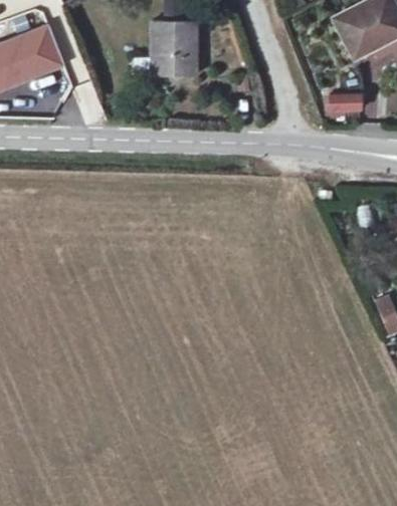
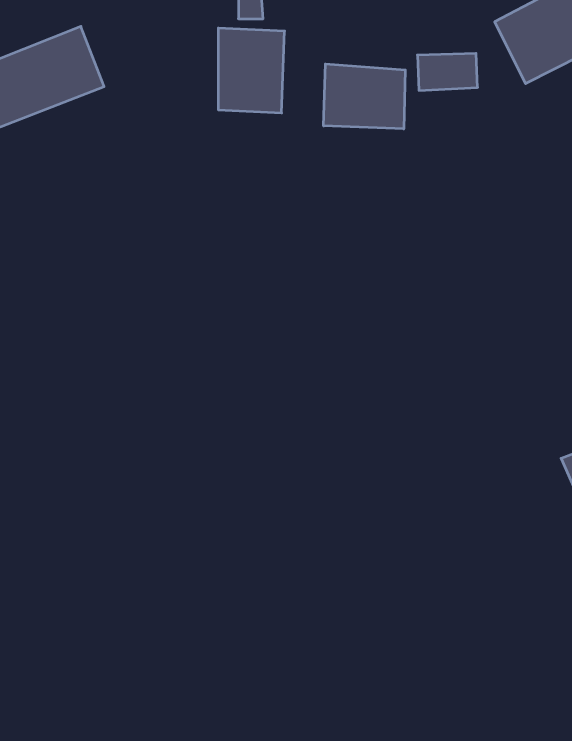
building: none -> [324,64,405,129]
building: [326,92,365,116] -> [417,53,478,90]

